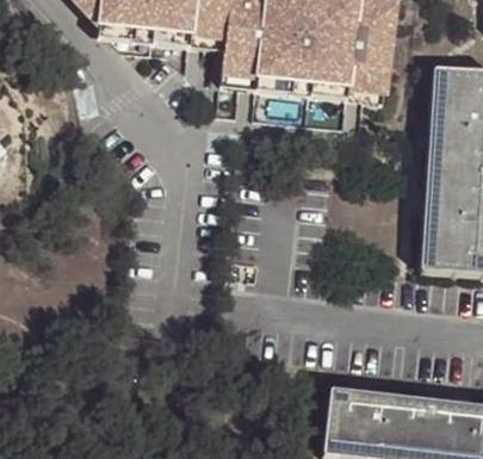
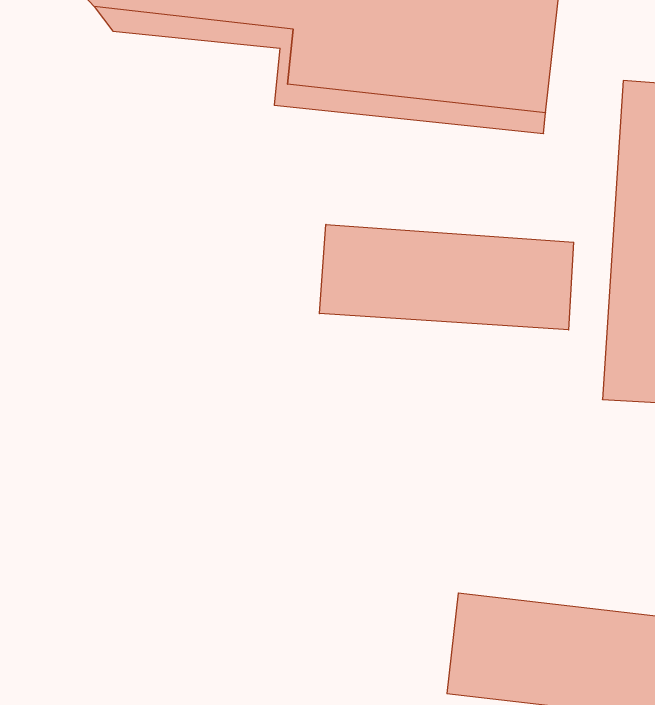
building: none -> [319,224,574,330]

